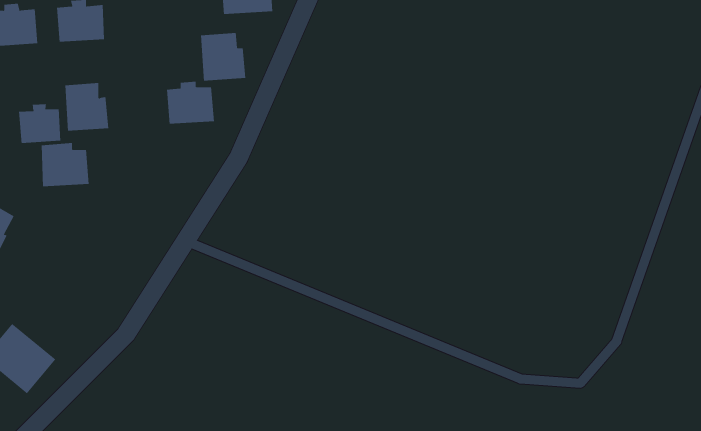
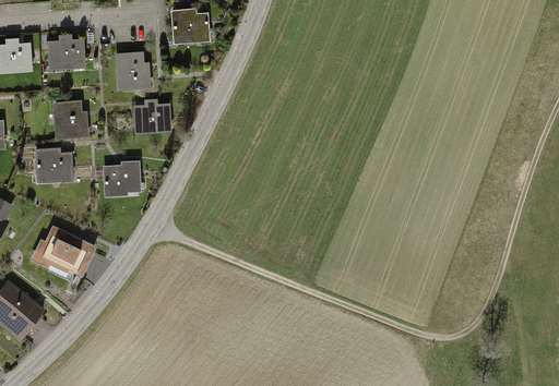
building: [200,32,246,81] -> [114,50,150,88]
building: [18,103,61,144] -> none
building: none -> [102,159,140,194]
building: none -> [27,222,95,275]

